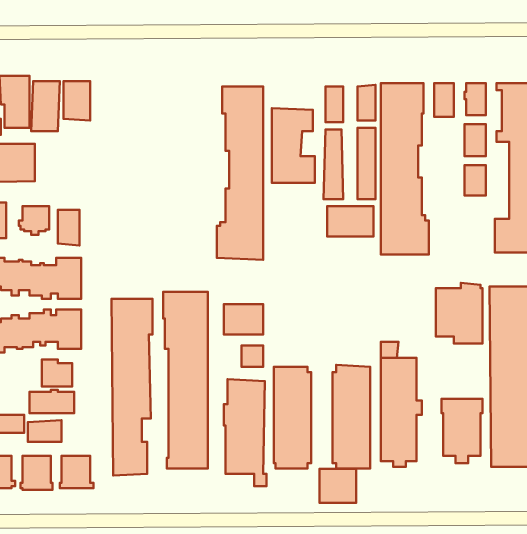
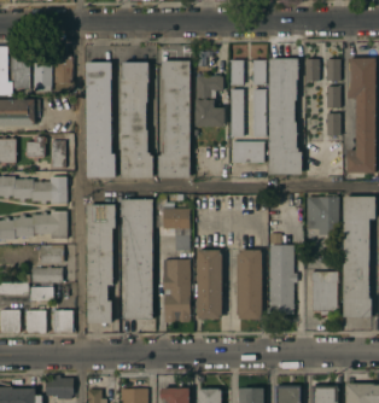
building: none -> [86,62,116,177]
building: none -> [121,62,153,177]
building: [320,469,356,503] -> none

